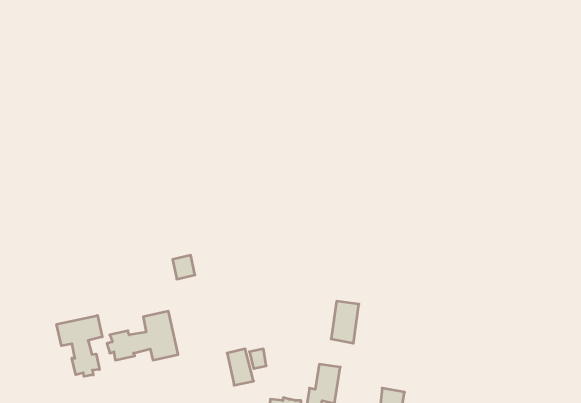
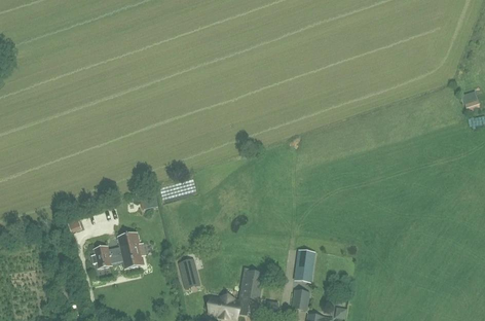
building: [331,301,359,343] -> [294,250,314,281]
building: [57,315,102,376] -> none

